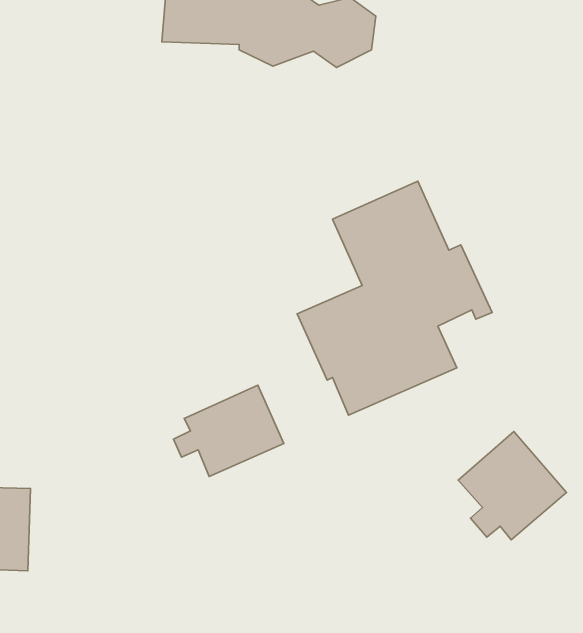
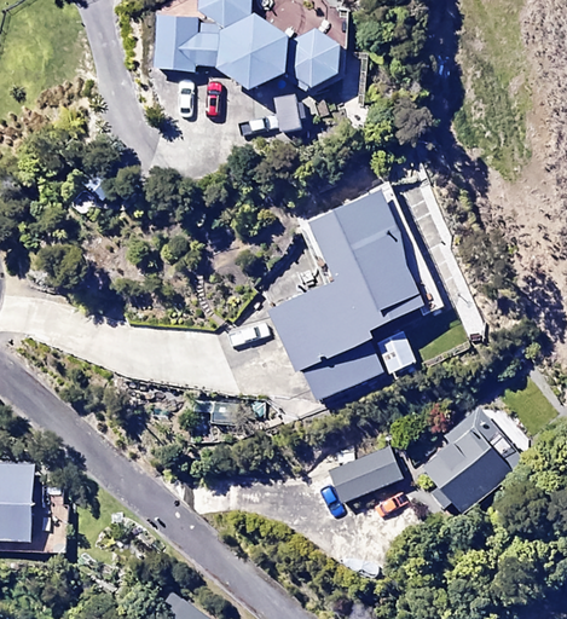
building: [173,385,284,476] -> none
building: none -> [328,440,400,502]

